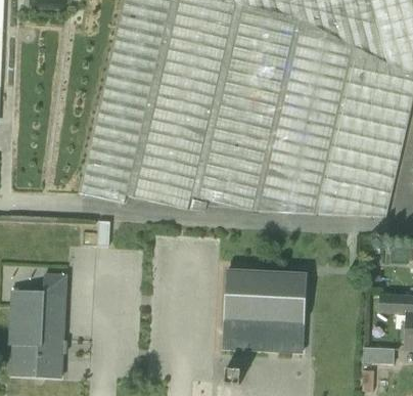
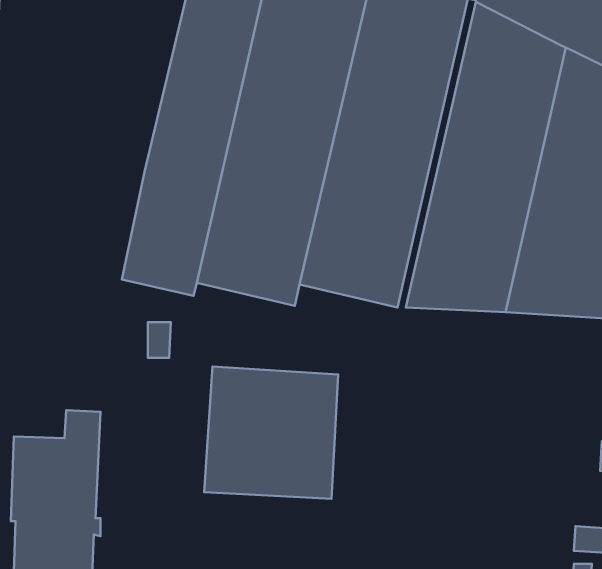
building: [221,269,305,352] -> [204,366,338,499]

